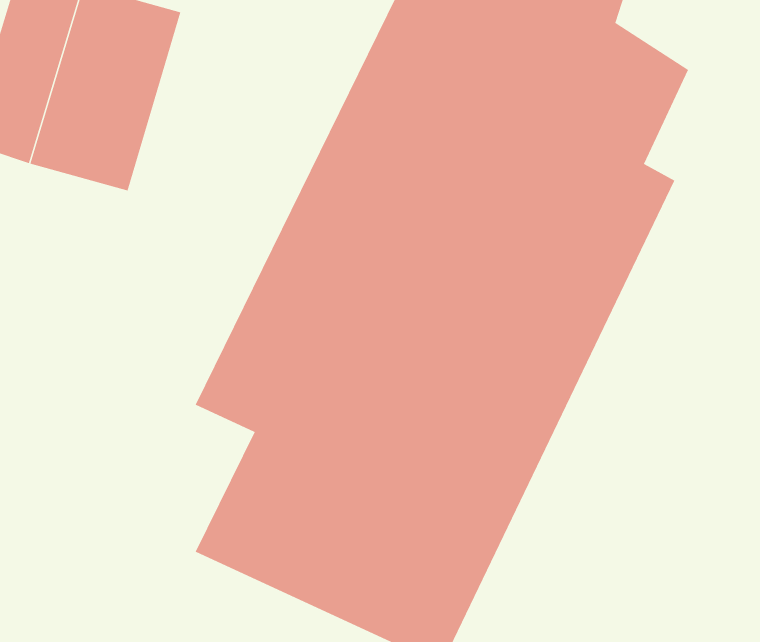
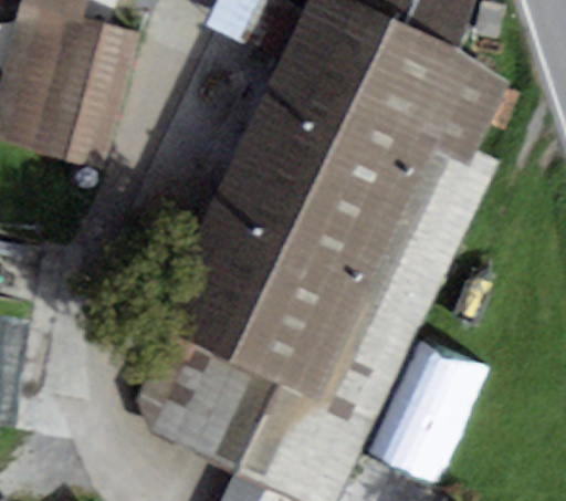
building: none -> [389,352,481,491]

